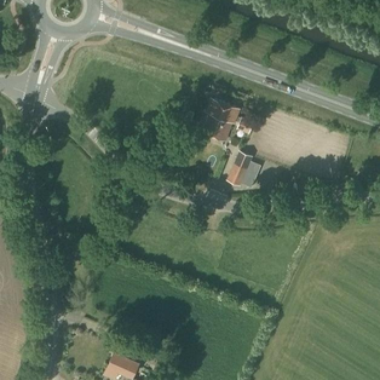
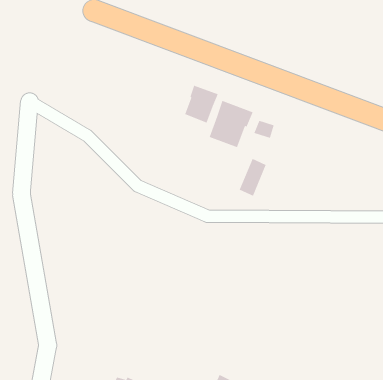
building: none -> [184,85,218,123]

